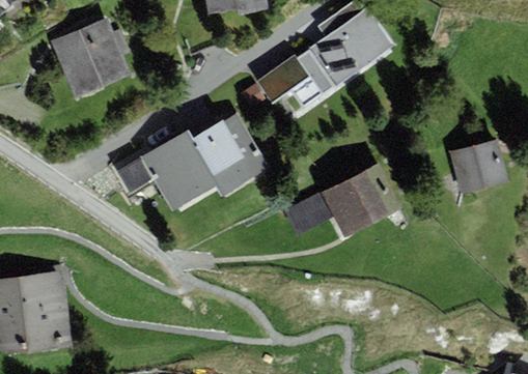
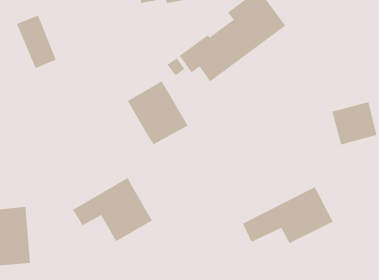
building: [80,19,131,87] -> none
building: [117,131,219,212] -> [72,177,153,242]
building: [285,165,400,237] -> [242,187,333,244]

